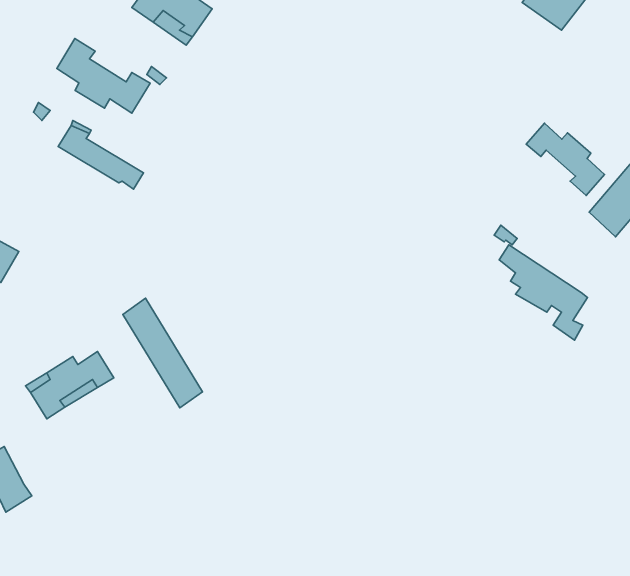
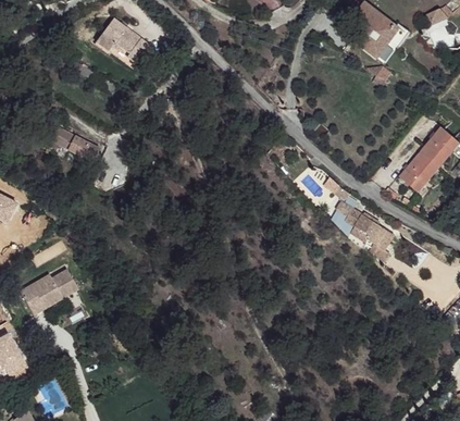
building: [57,39,150,113] -> none
building: [526,123,605,196] -> none
building: [123,298,202,408] -> none

